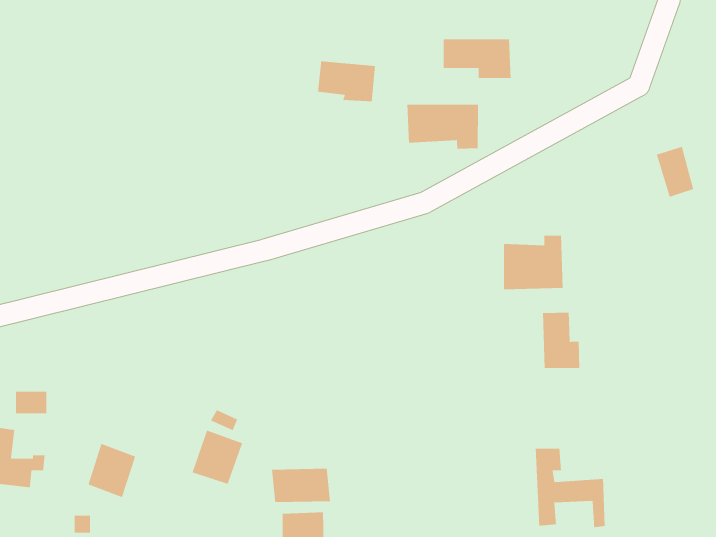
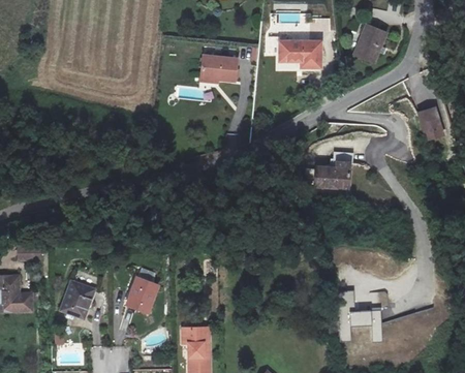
building: none -> [354,21,388,61]
building: [406,104,479,149] -> none
building: [542,312,580,369] -> none
building: [271,468,331,503] -> none

